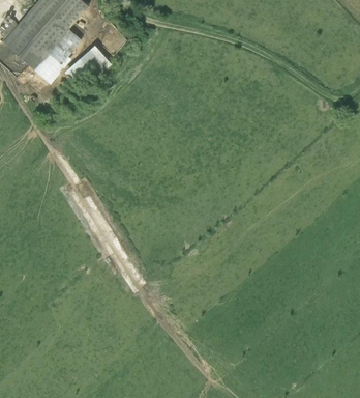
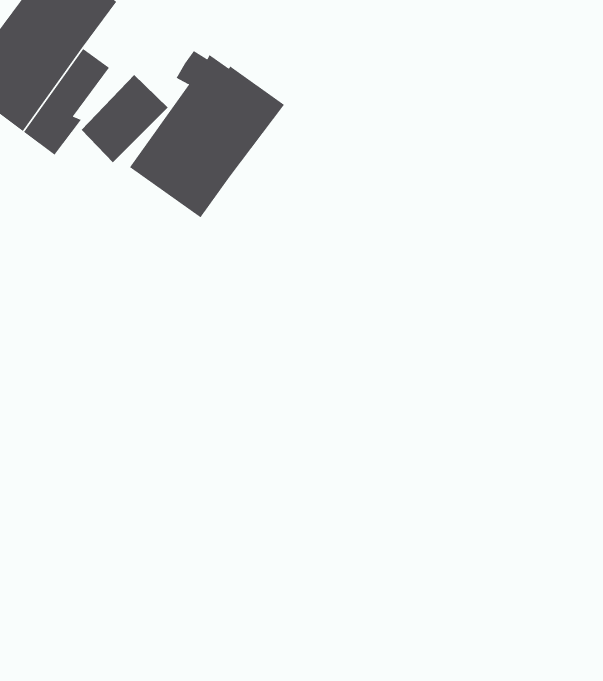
building: none -> [129,50,285,218]

